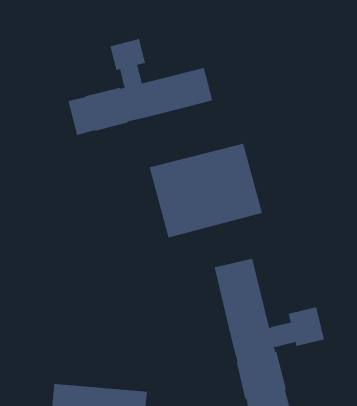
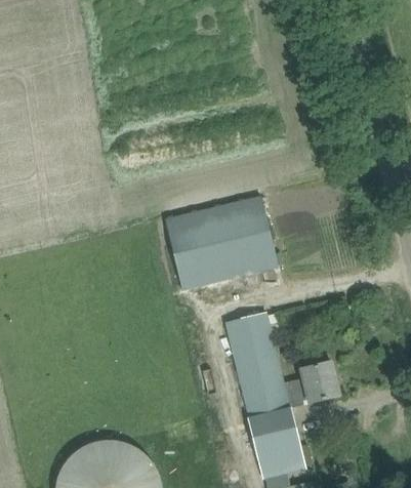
building: [68,38,213,136] -> none

